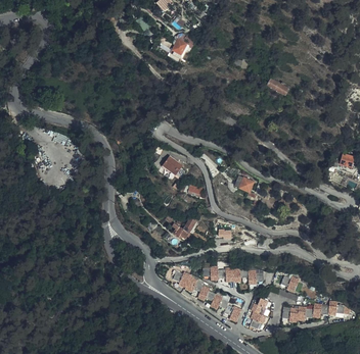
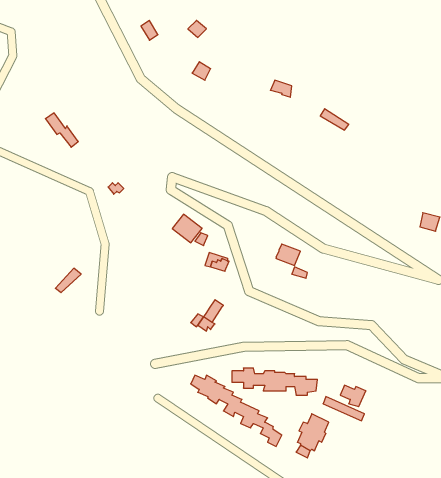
building: [282,302,345,322] -> none

